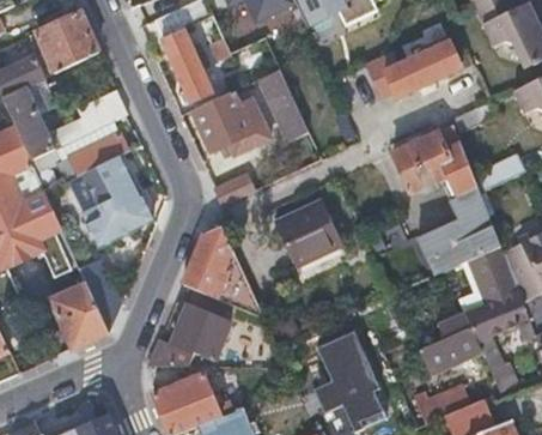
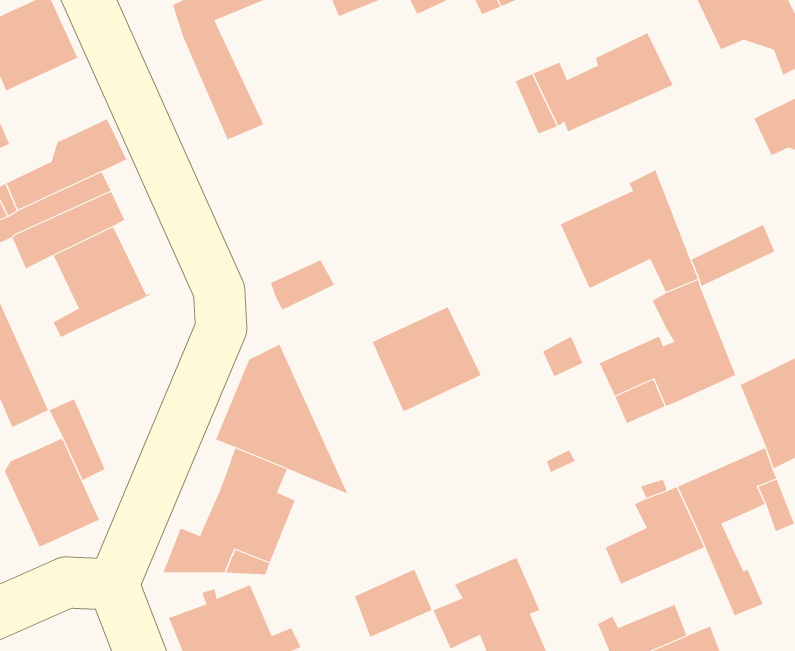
building: [257,68,307,140] -> none
building: [191,81,272,153] -> none
building: [86,195,151,244] -> none
building: [457,244,517,313] -> none
building: [317,331,365,373] -> [354,569,433,637]

